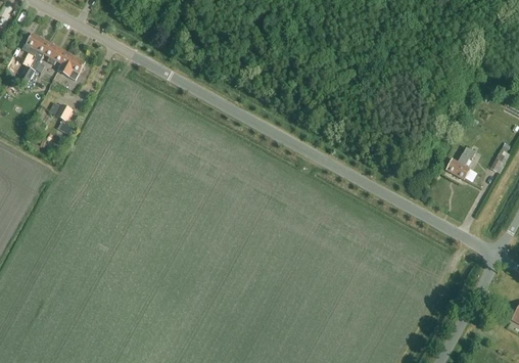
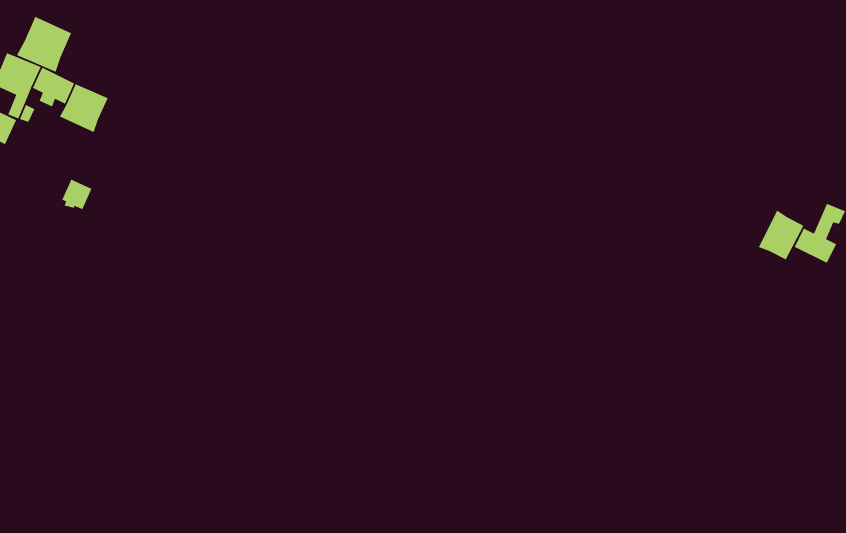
building: none -> [16,16,72,73]
building: none -> [758,209,805,261]

